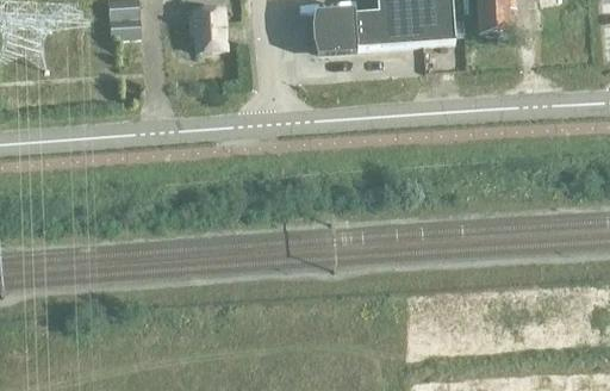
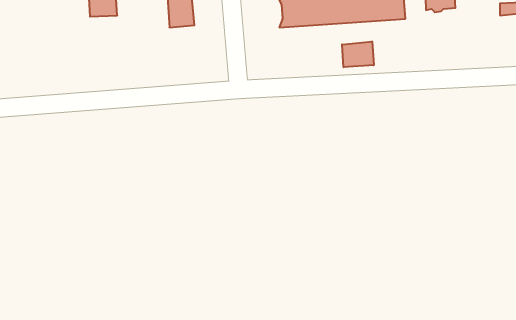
building: none -> [342,41,374,67]

